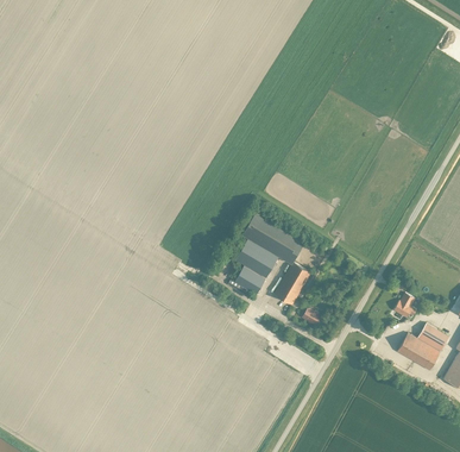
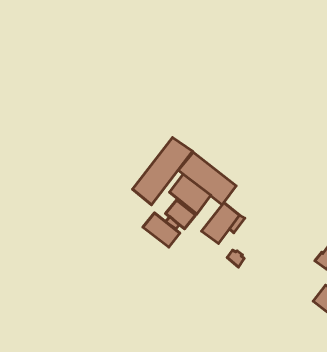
building: none -> [132,137,192,205]
building: none -> [143,213,180,247]

